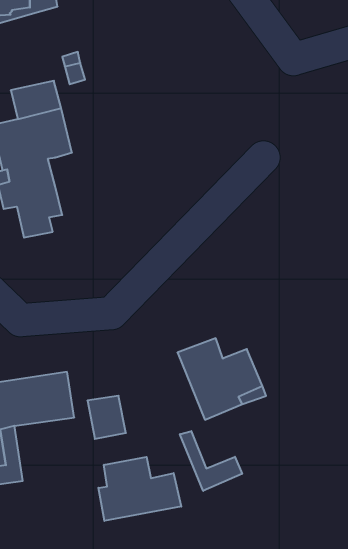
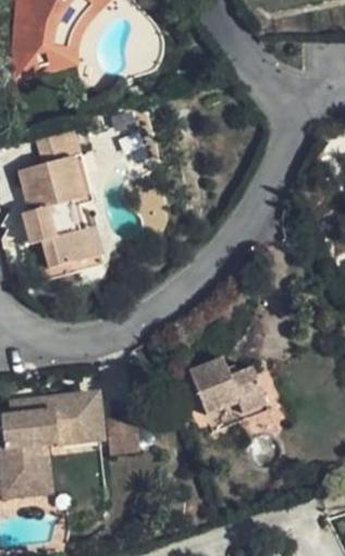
building: none -> [71,198,101,265]
building: [180,431,242,491] -> none
building: [98,457,181,521] -> none

